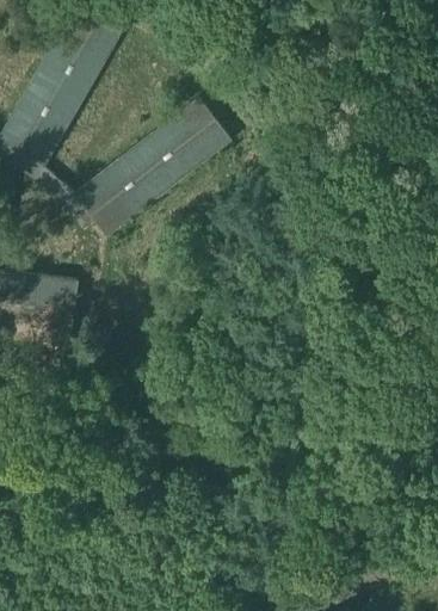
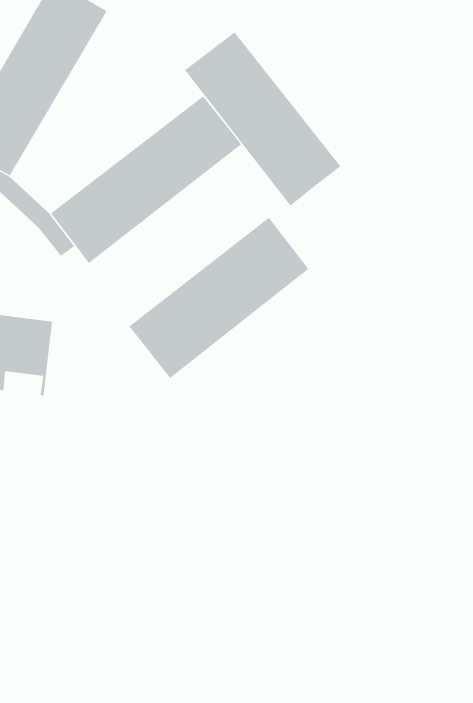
building: none -> [184,31,341,206]
building: none -> [129,217,309,379]

